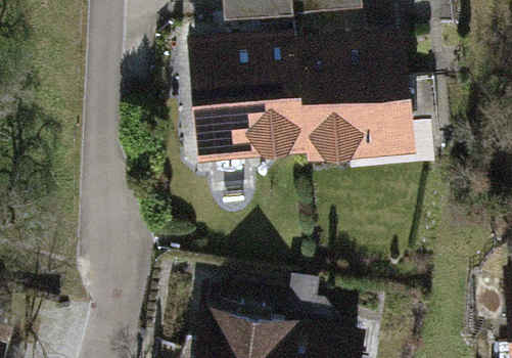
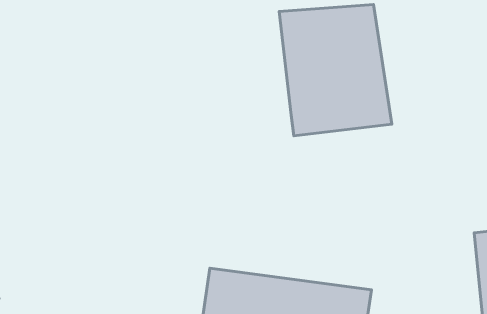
building: [189,30,304,152] -> none

